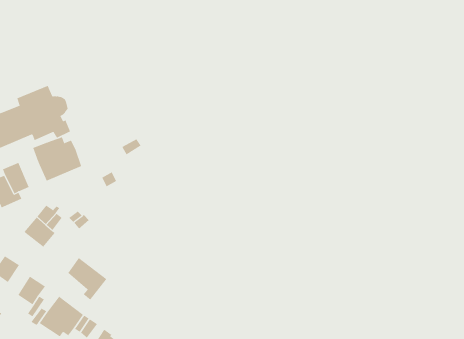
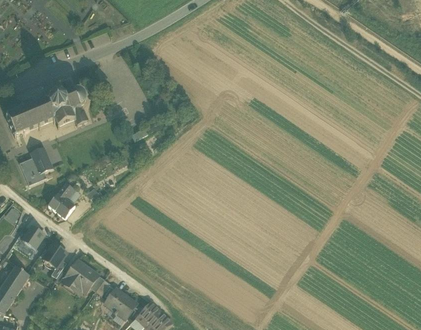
building: [32,137,82,182] -> none
building: [68,257,107,301] -> none

